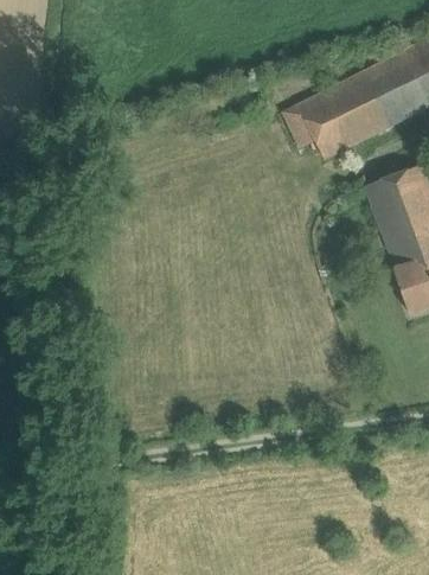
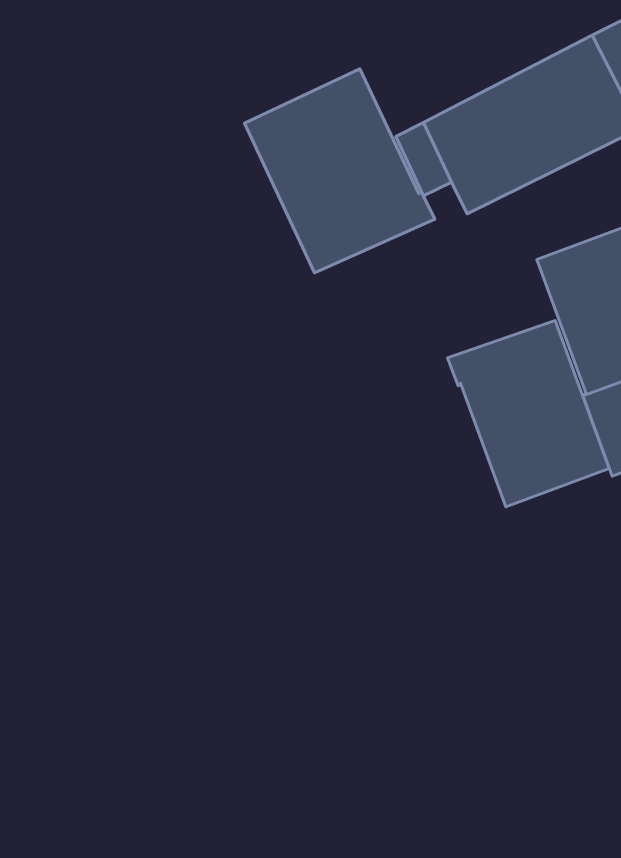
building: none -> [245,69,435,273]
building: none -> [447,321,609,507]

